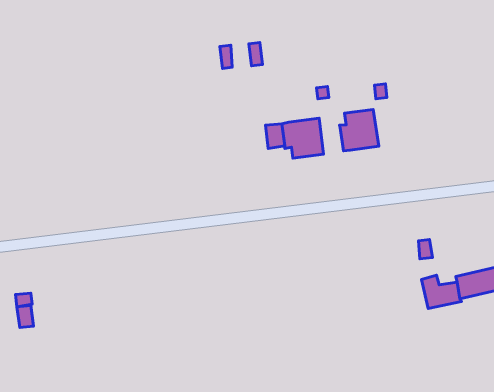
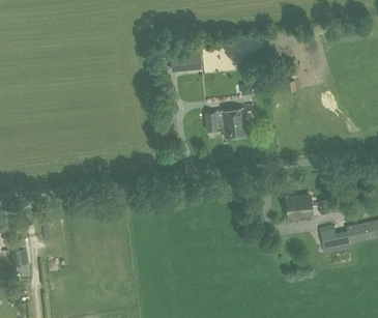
building: [339,109,379,151] -> none
building: none -> [285,196,312,216]

